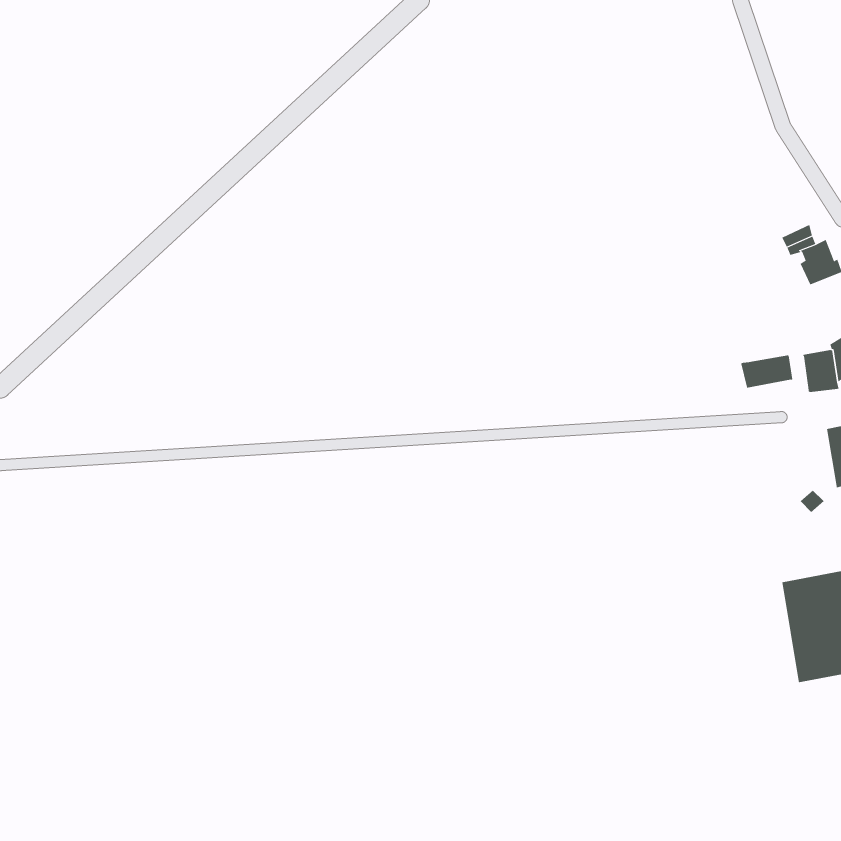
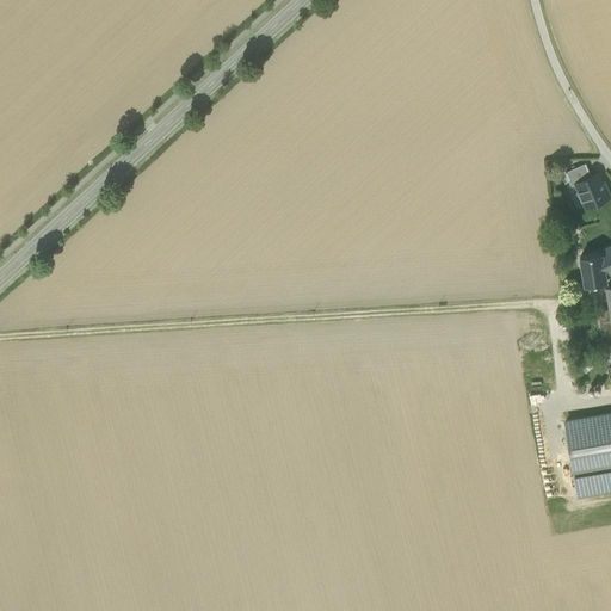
building: [740,354,793,389] -> none

